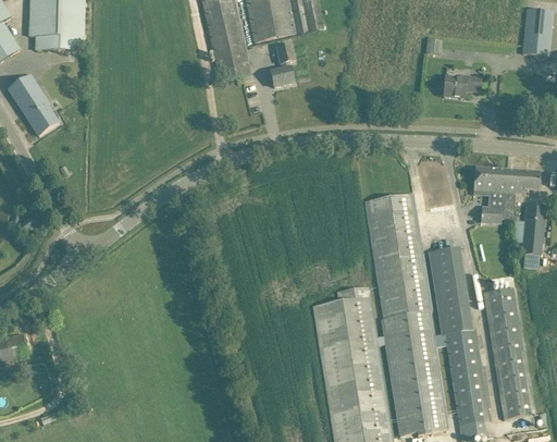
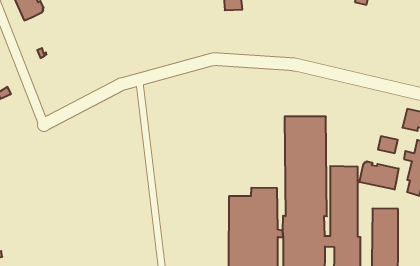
building: [443,75,480,98] -> none
building: [473,167,507,192] -> none
building: none -> [360,161,399,190]

